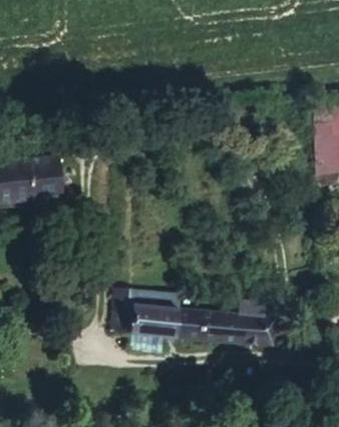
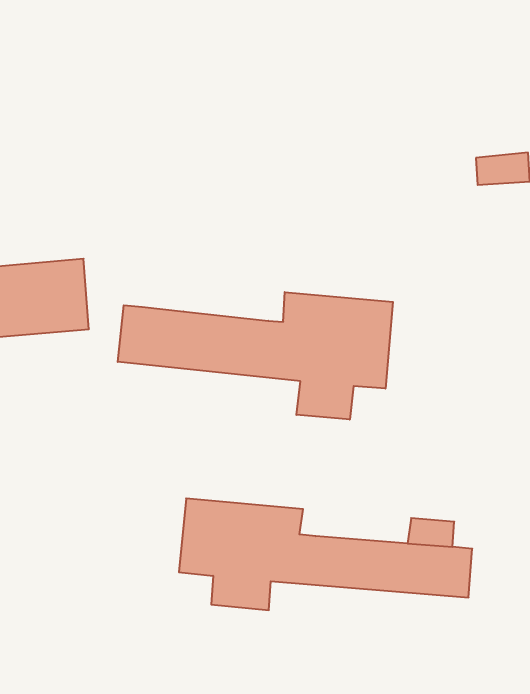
building: none -> [118,292,393,420]

